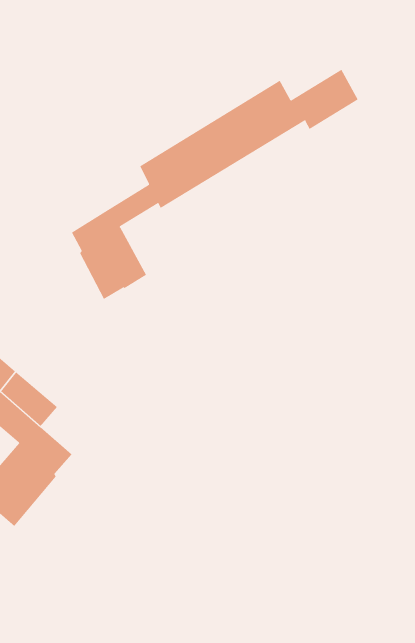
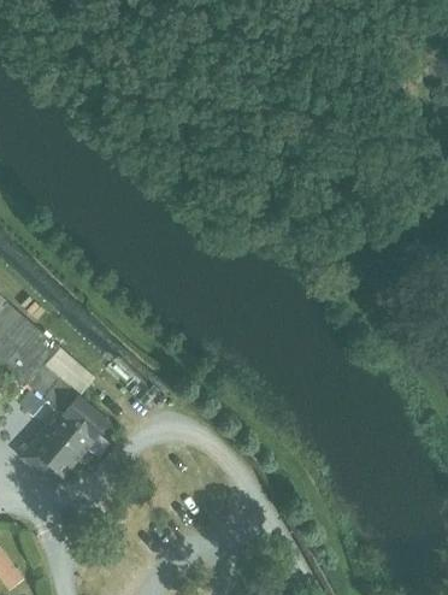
building: [71,69,359,300] -> none

